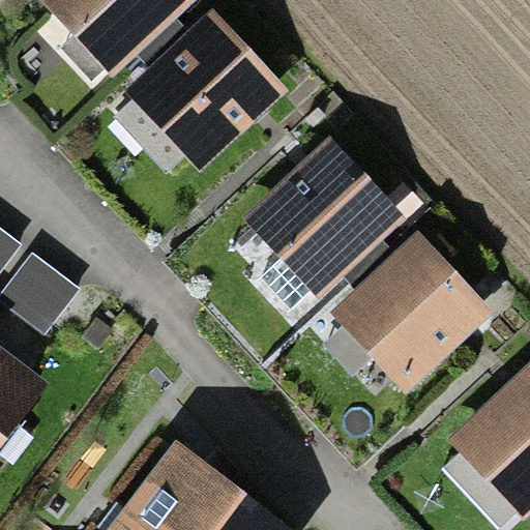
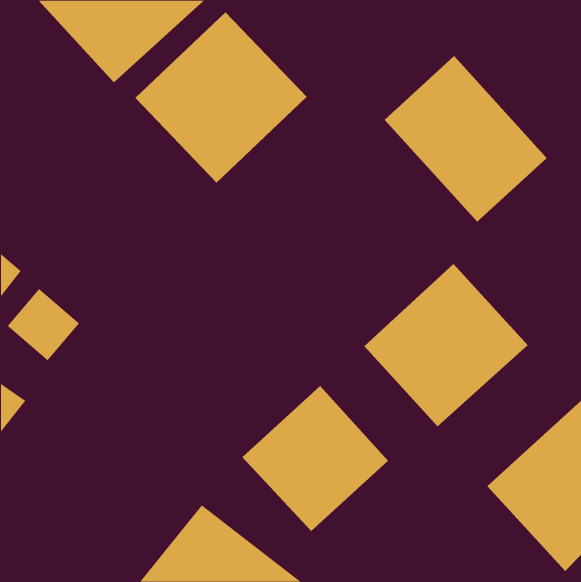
building: none -> [384,55,548,223]
building: [238,134,408,302] -> none
building: none -> [241,385,389,532]

